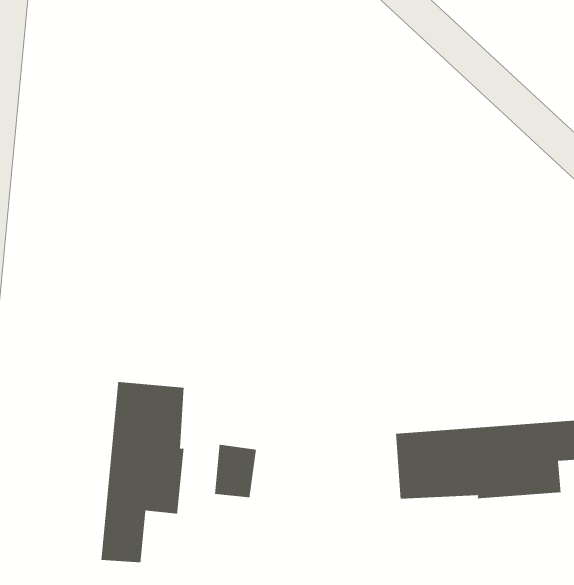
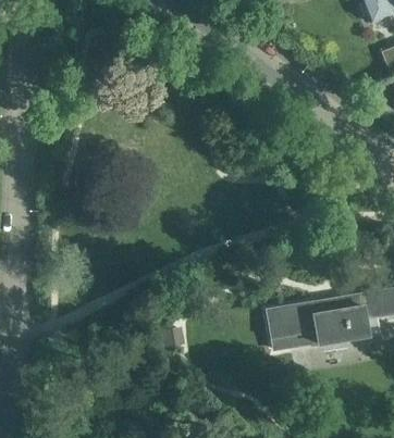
building: [100,381,184,563] -> none

